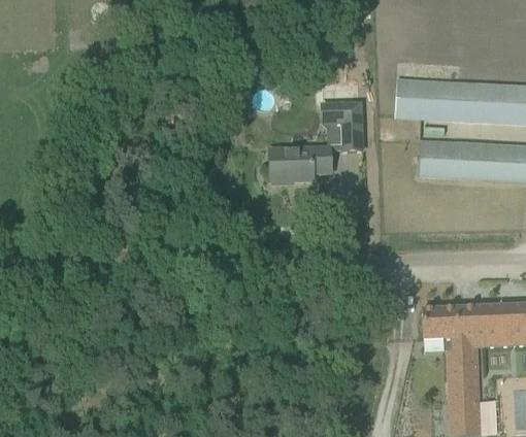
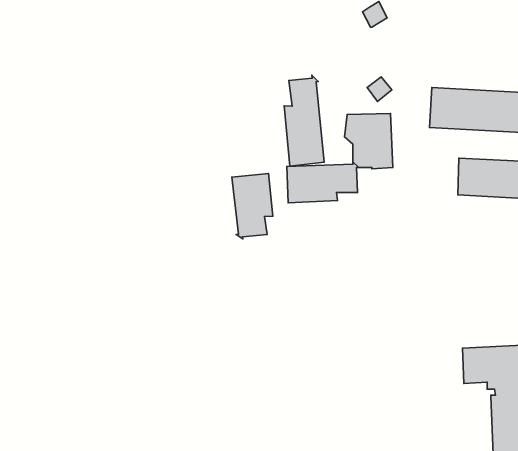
building: none -> [284,75,324,166]
building: none -> [232,173,273,239]

